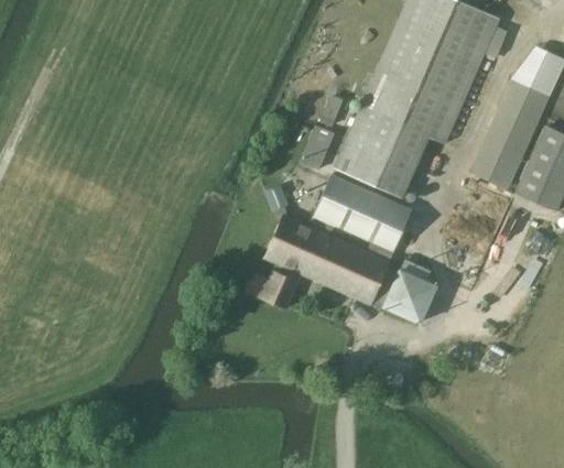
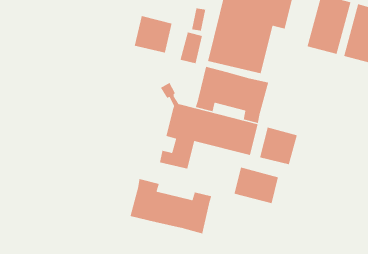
building: none -> [134,15,172,53]
building: none -> [129,178,212,234]
building: none -> [233,166,279,204]

